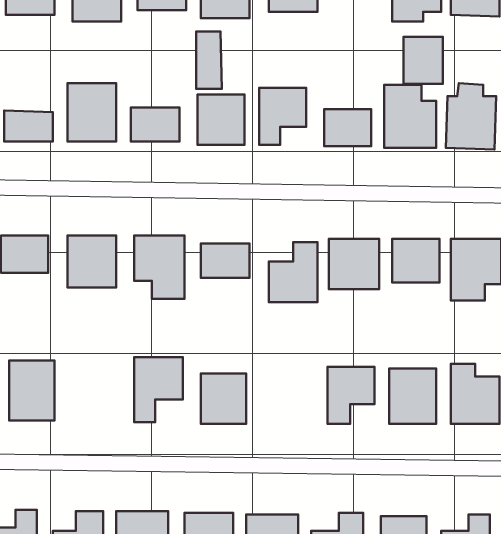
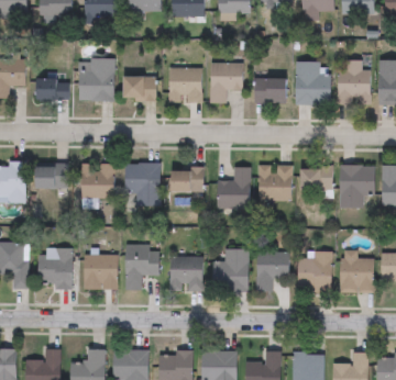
building: [196,32,222,89] -> none
building: [404,37,443,84] -> none
building: none -> [215,250,246,291]
building: none -> [82,255,117,290]

